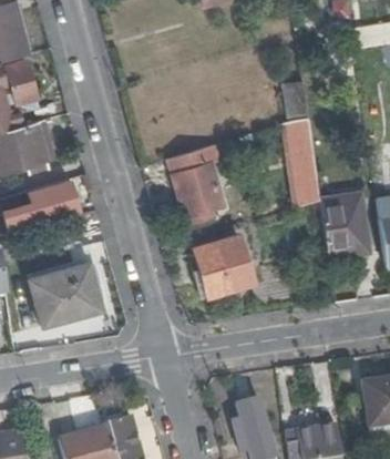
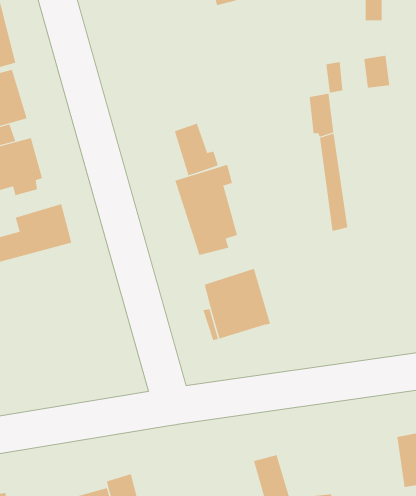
building: none -> [174,123,218,176]
building: [320,195,369,258] -> none
building: [32,266,100,325] -> none

